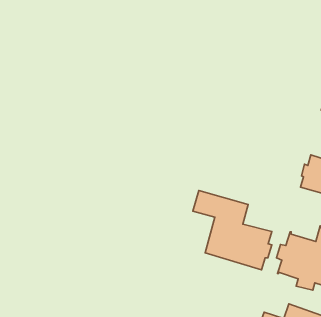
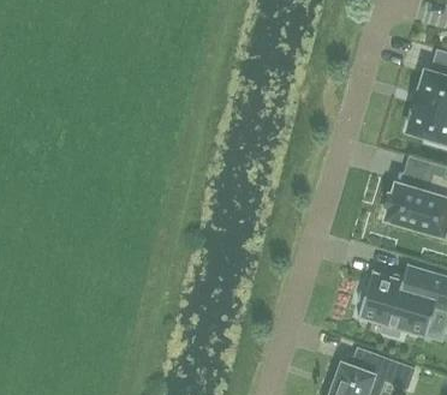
building: [193,191,272,270] -> none

